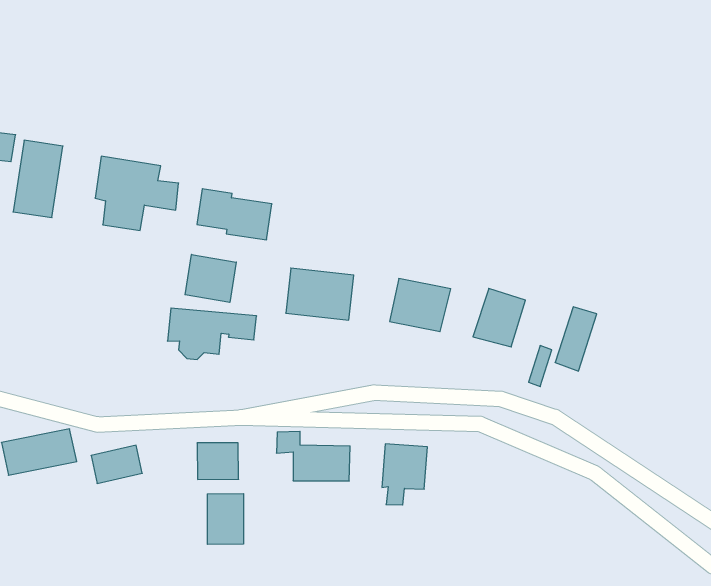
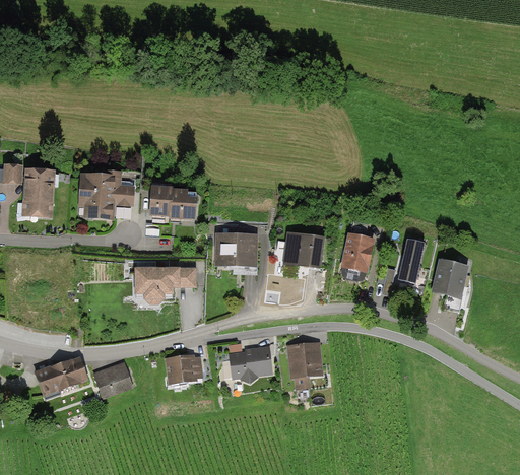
building: [185,254,236,302] -> none
building: none -> [432,260,468,297]
building: [207,494,243,544] -> none

